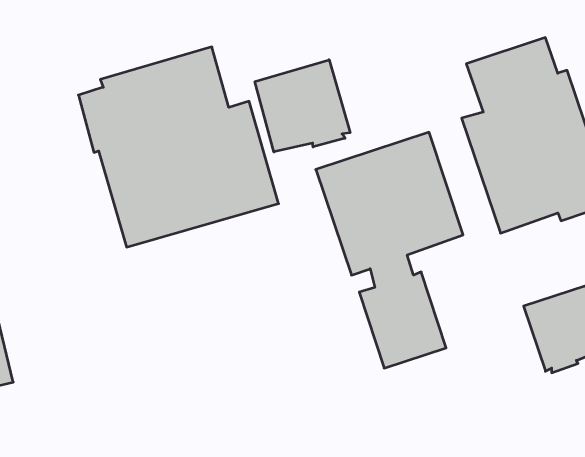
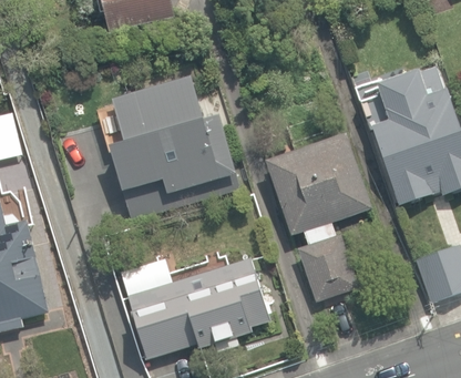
building: [255,60,350,152] -> none
building: none -> [126,258,270,357]

